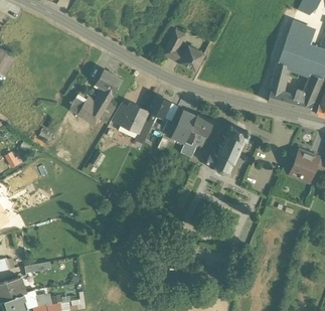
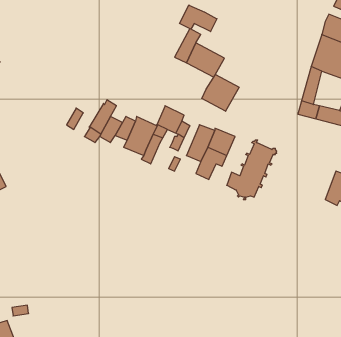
building: none -> [180,5,217,32]
building: none -> [202,75,239,111]
building: [95,69,122,95] -> none

